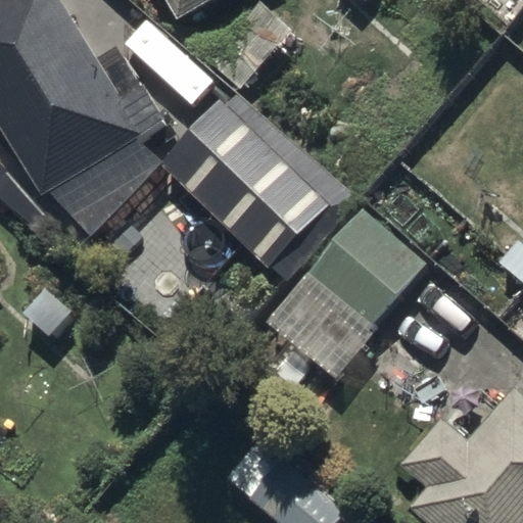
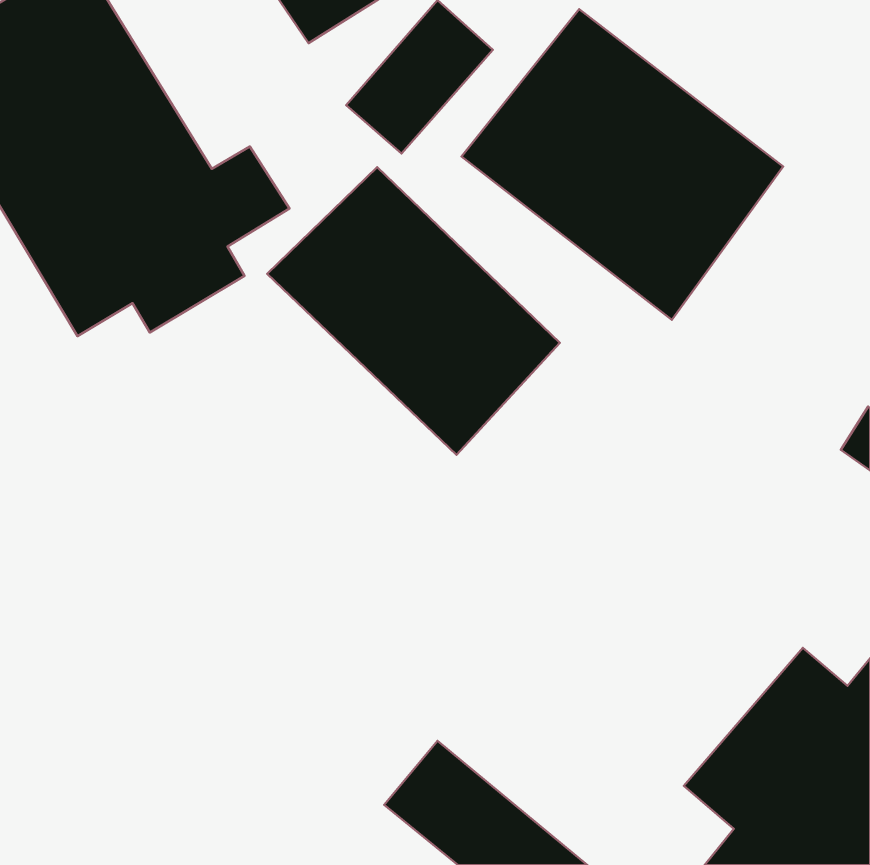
building: none -> [461,9,783,320]
building: [269,210,427,378] -> none

